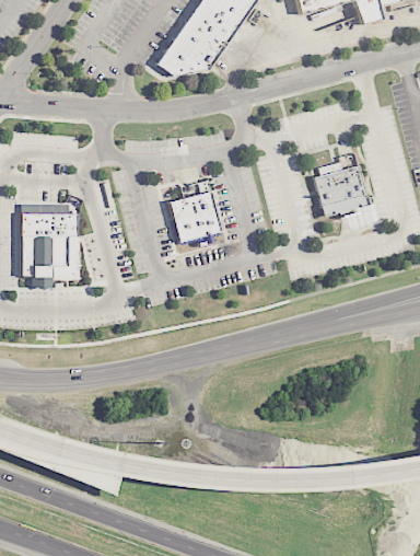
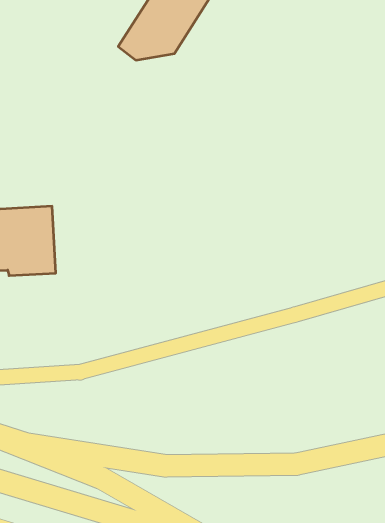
building: [311,161,368,218] -> none
building: [168,188,223,241] -> none

